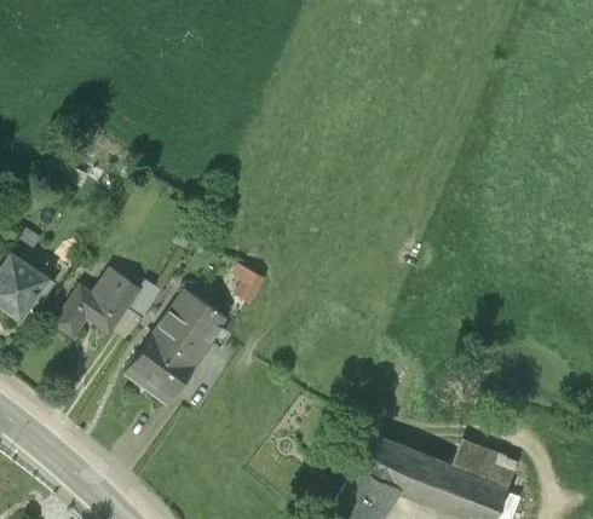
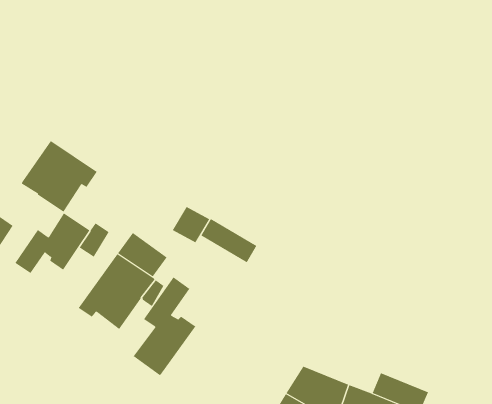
building: none -> [21,140,98,213]
building: none -> [201,218,257,263]
building: none -> [133,277,196,376]

